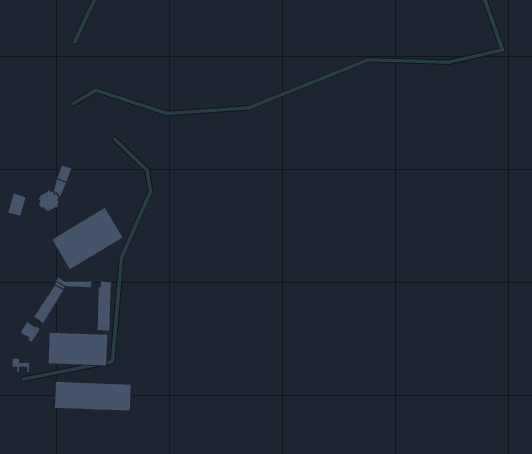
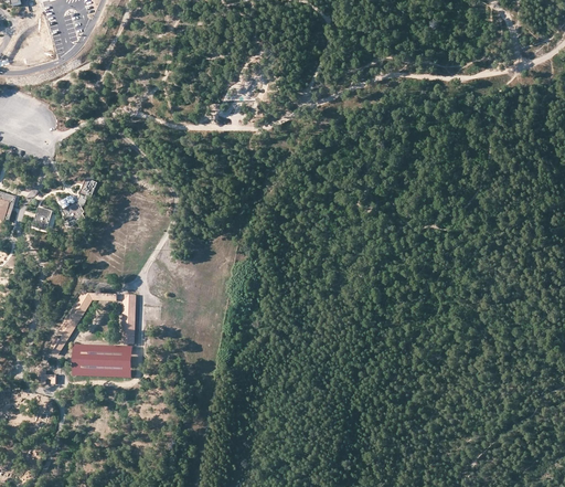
building: [51,207,123,270] -> none
building: [54,381,131,411] -> none

